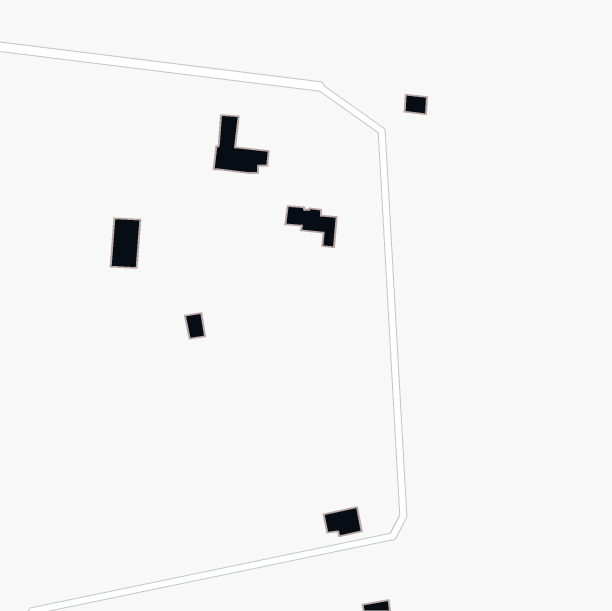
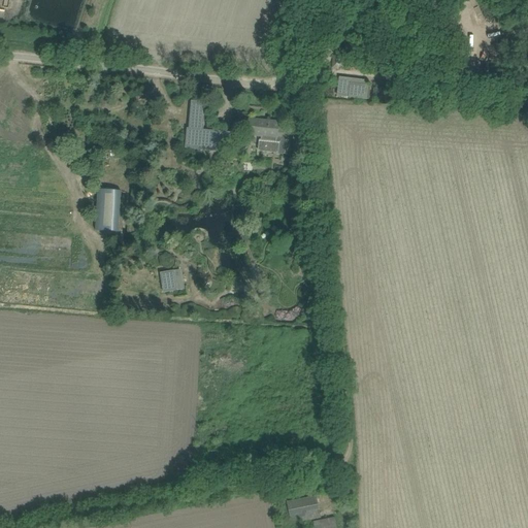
building: [285,206,337,247] -> [246,118,291,153]
building: [323,507,362,536] -> [287,495,320,520]

